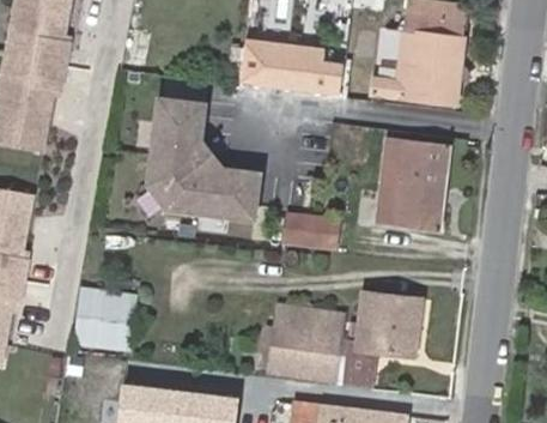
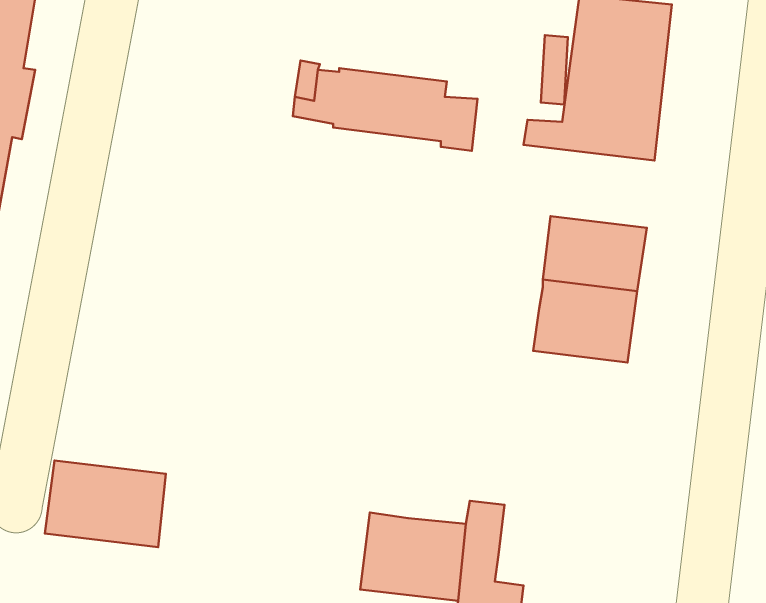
building: [142,97,260,223] -> none
building: [281,217,338,250] -> none
building: [353,295,418,370] -> none
building: [275,301,339,332] -> none

